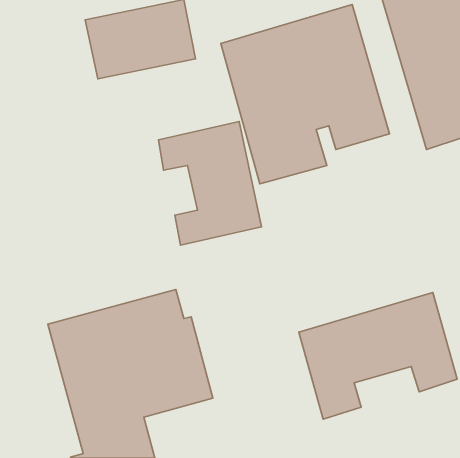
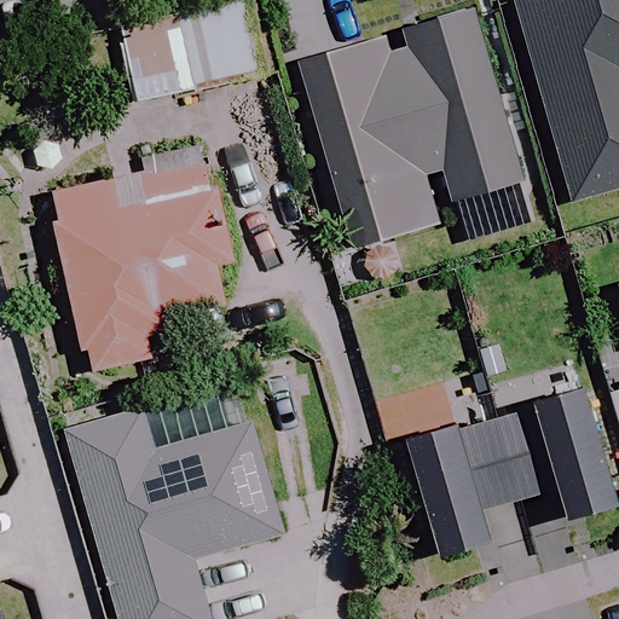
building: none -> [51,161,233,369]
building: [158,121,261,245] -> none

